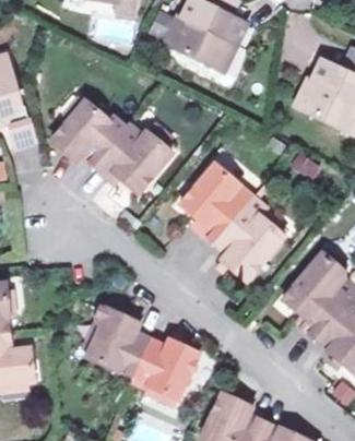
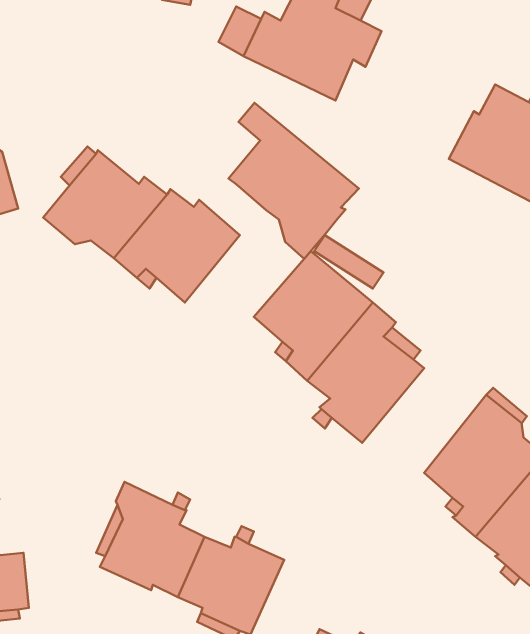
building: none -> [228,103,359,259]

